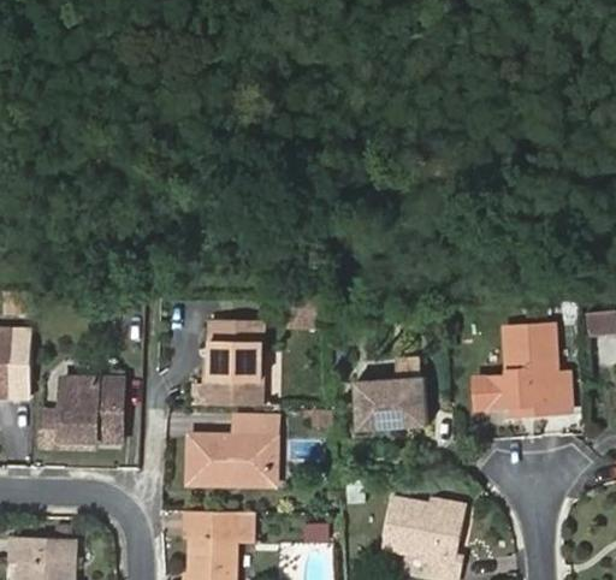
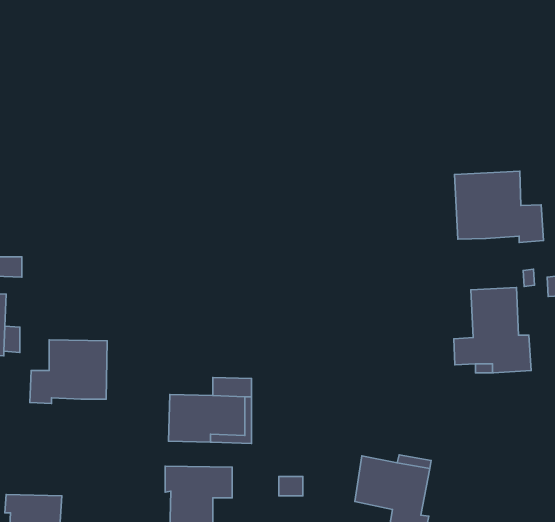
building: none -> [454,171,544,243]
building: [208,318,259,404] -> none
building: [351,357,427,431] -> none

